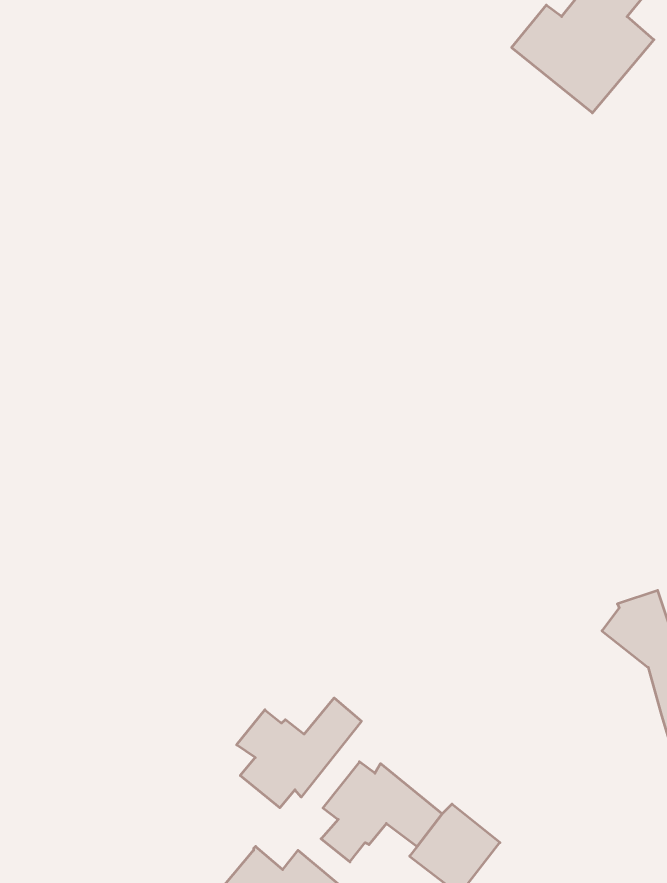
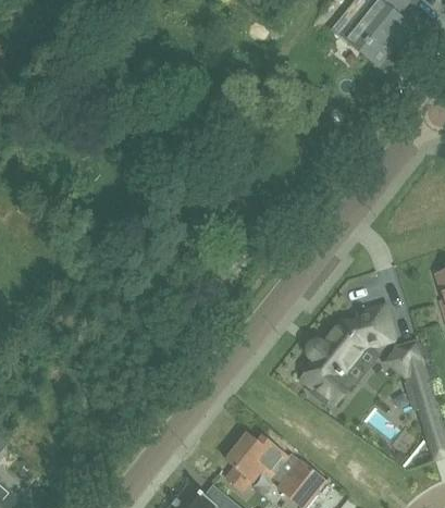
building: none -> [306,306,393,406]
building: [237,698,361,808] -> none

